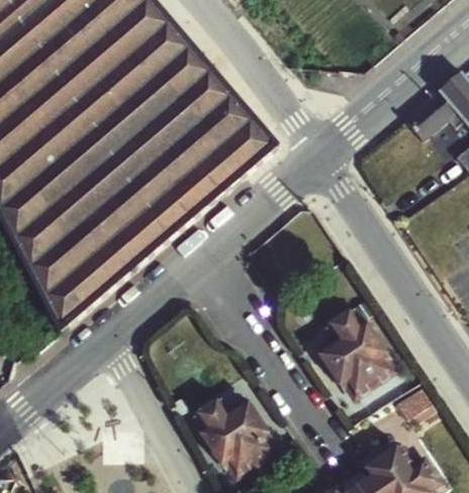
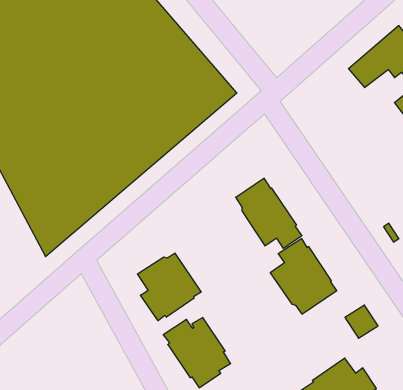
building: none -> [236,178,302,248]
building: none -> [137,253,201,321]

